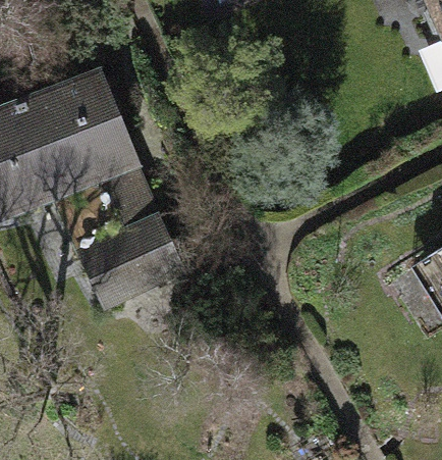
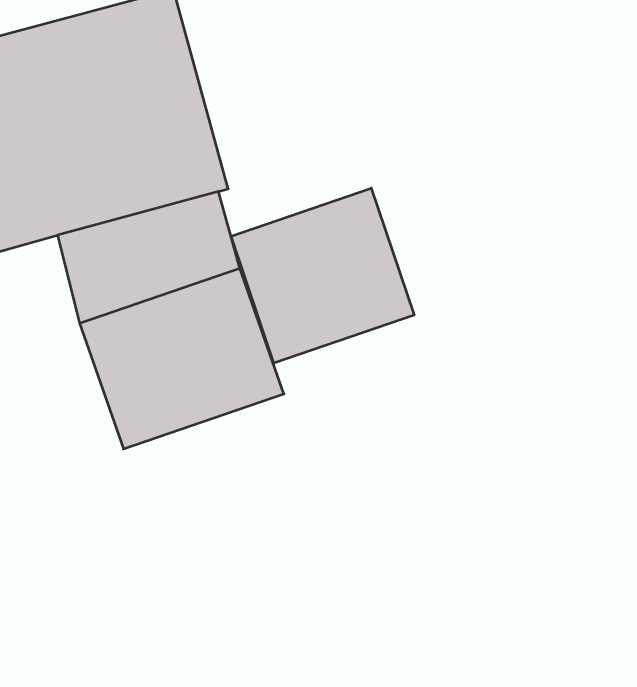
building: none -> [231,188,414,363]

